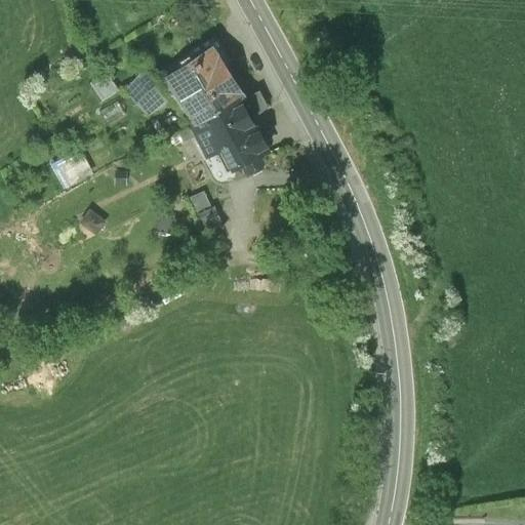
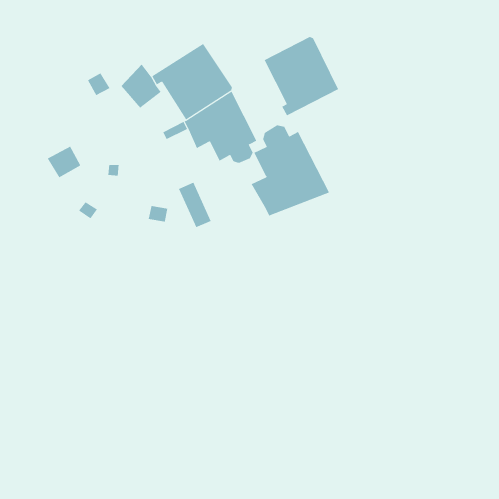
building: none -> [264,36,339,116]
building: none -> [251,125,330,217]

